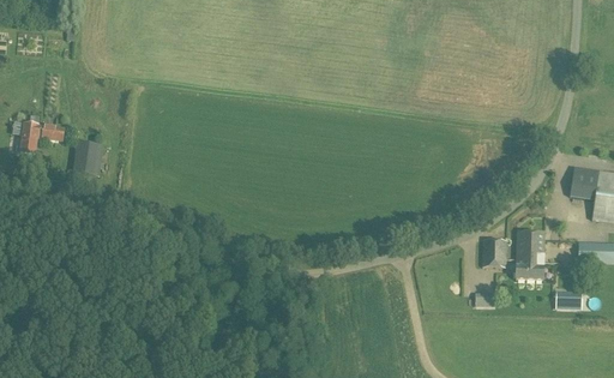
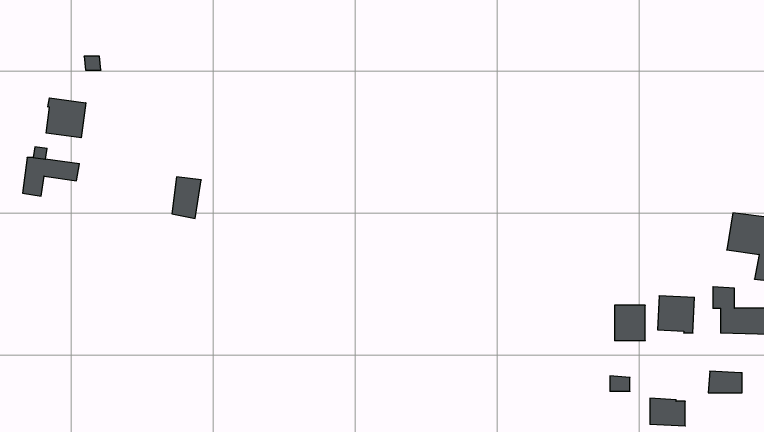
building: none -> [46,98,86,138]
building: [76,143,98,175] -> [172,177,201,218]
building: [516,258,543,280] -> [650,398,685,426]

